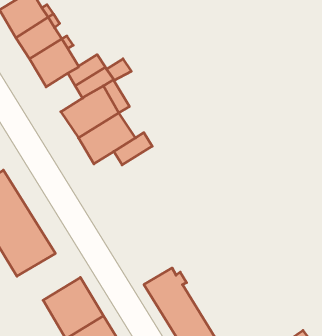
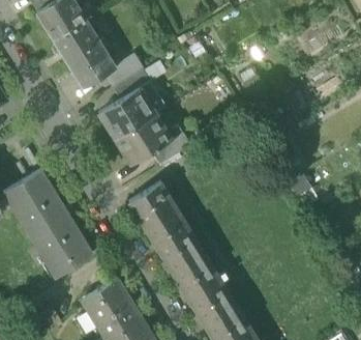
building: none -> [128,179,208,284]

